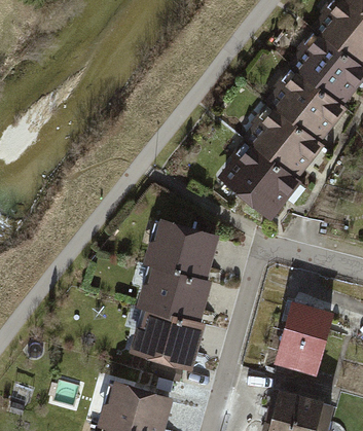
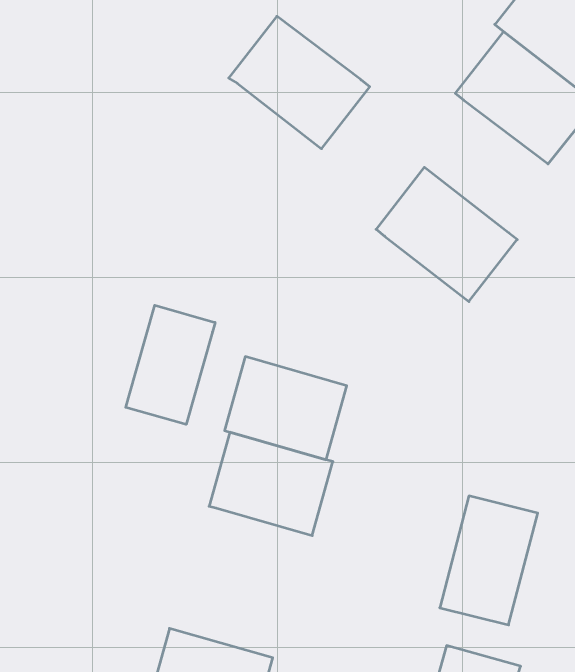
building: [262,65,347,144] -> [229,16,370,149]
building: [215,146,299,226] -> none
building: none -> [126,305,215,424]
building: [131,309,204,370] -> none

